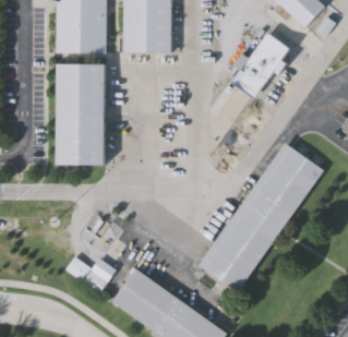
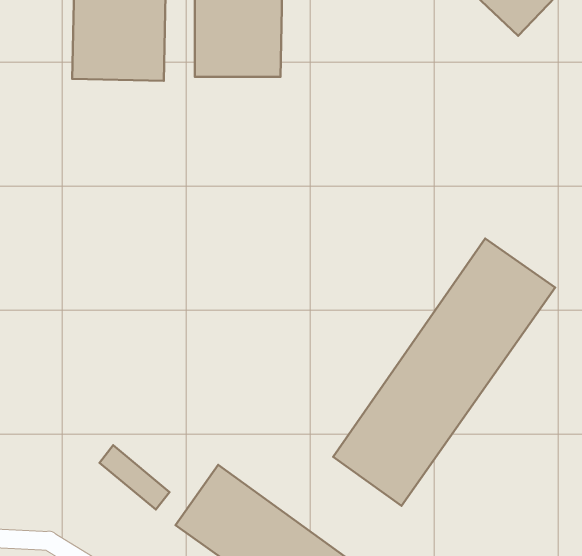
building: [231,31,289,97] -> none
building: [50,60,101,164] -> none

